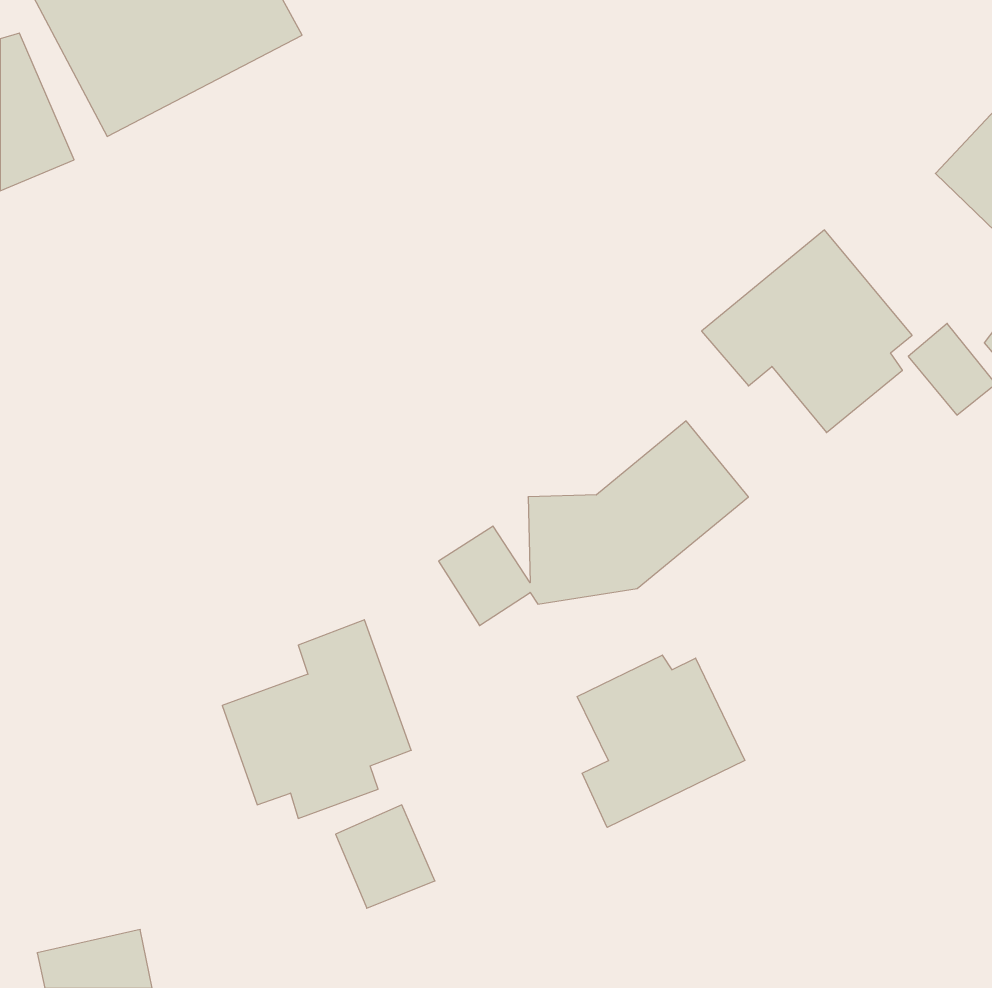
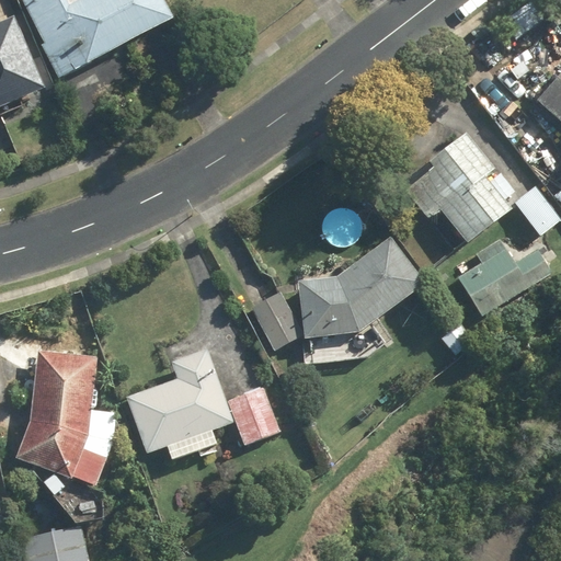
building: none -> [458,239,550,313]
building: none -> [16,351,114,488]
building: [577,655,745,827] -> none
building: [336,805,435,908] -> [229,383,285,442]

